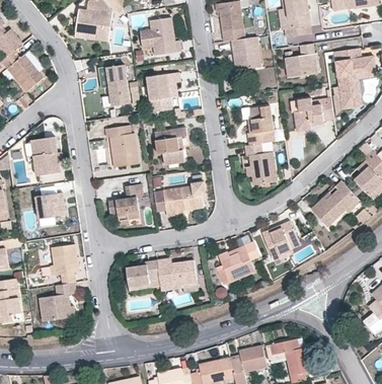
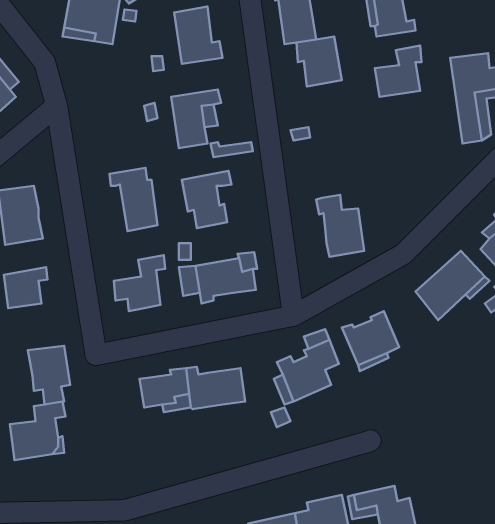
building: [105,64,130,106] -> none
building: [294,97,333,131] -> none
building: [247,105,275,145] -> none

